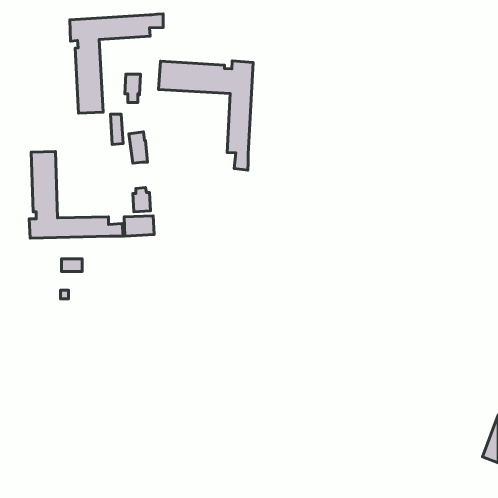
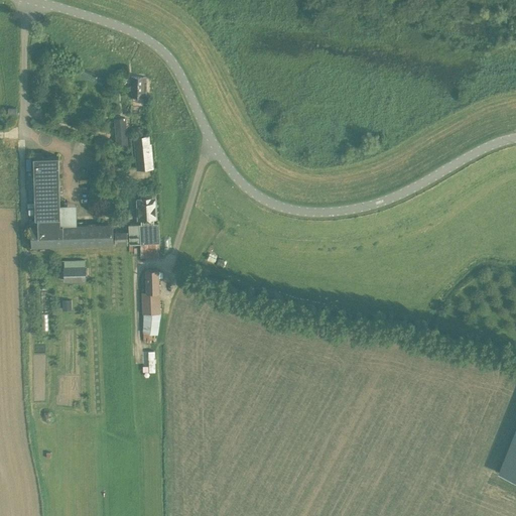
building: [70,14,163,113] -> none
building: [159,61,253,170] -> none
building: none -> [141,271,159,336]

